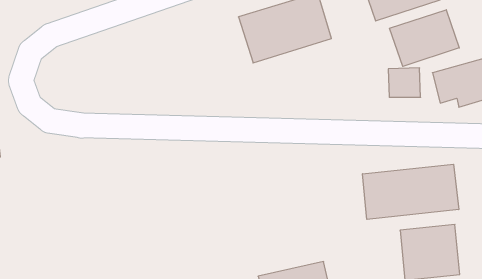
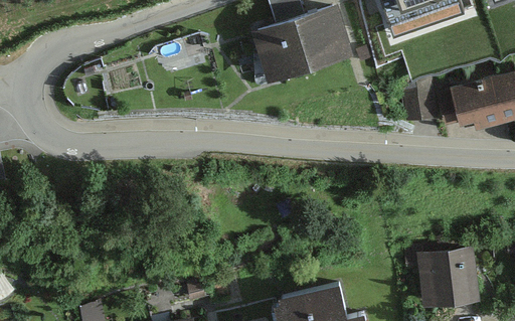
building: [390,10,459,66] -> none
building: [363,164,459,219] -> none

